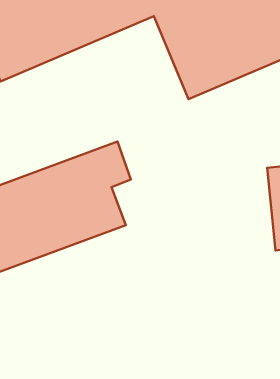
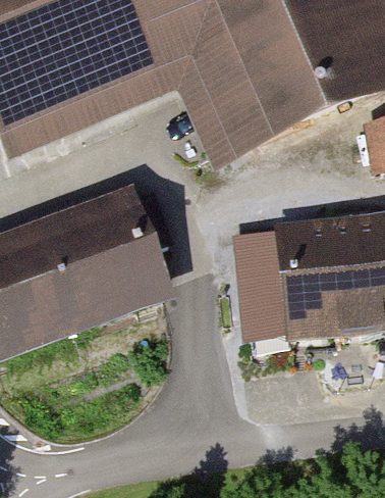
building: none -> [238,231,340,340]

